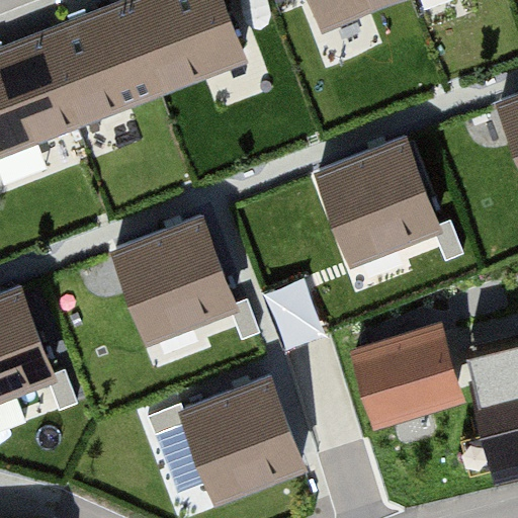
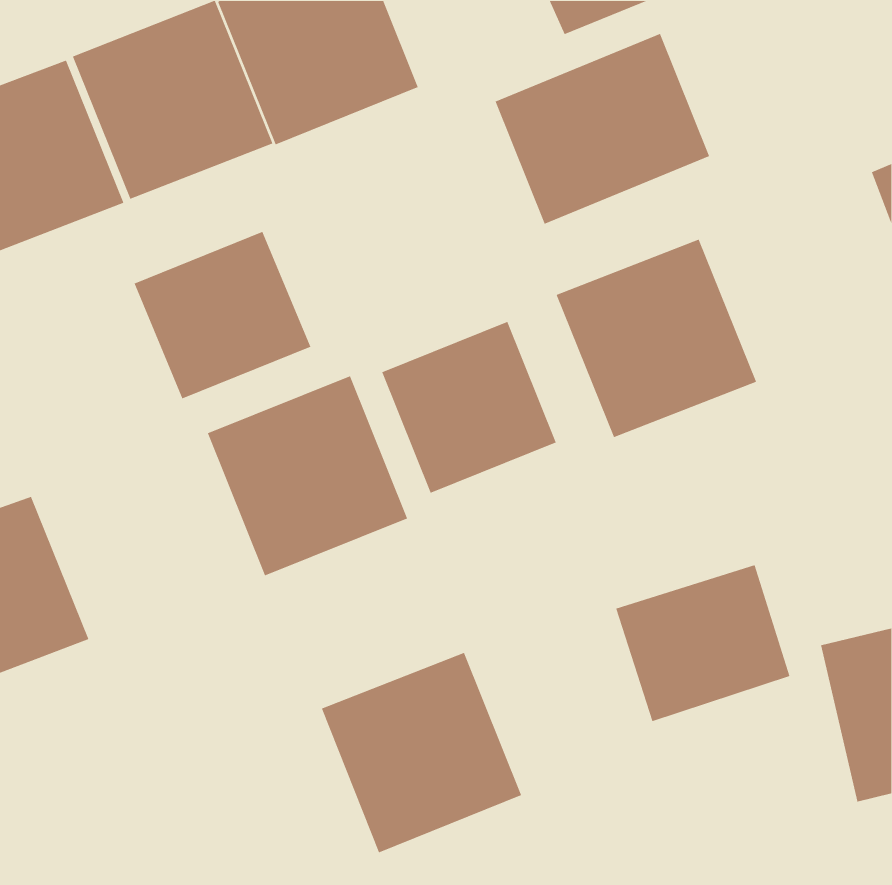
building: none -> [495,33,710,225]
building: none -> [133,231,311,399]
building: none -> [381,321,557,494]

